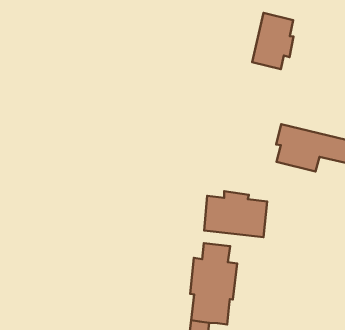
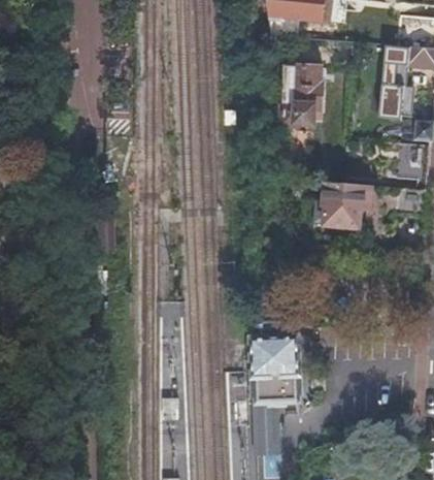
building: [204,191,267,237] -> none

